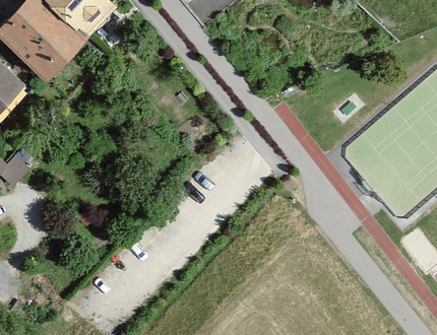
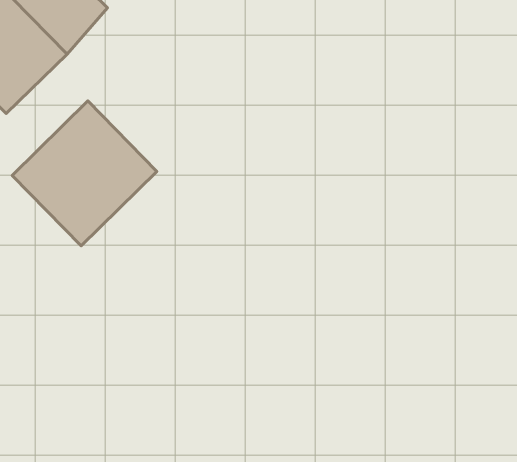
building: none -> [12,101,157,246]

